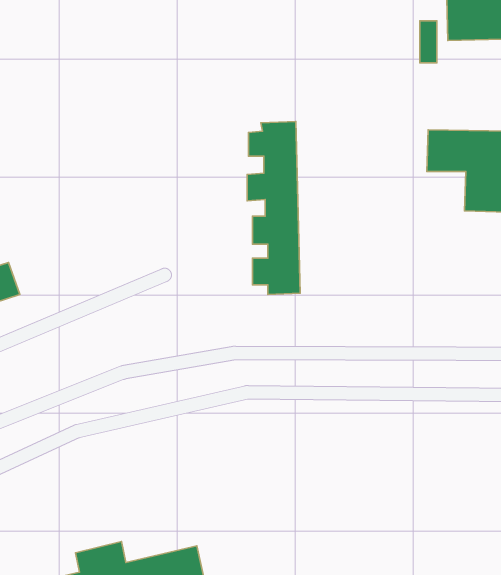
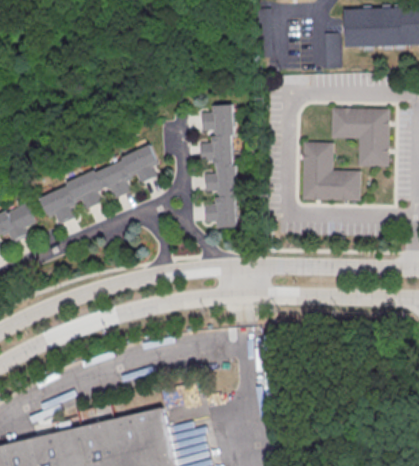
building: none -> [301,144,360,203]
building: none -> [38,148,158,223]

